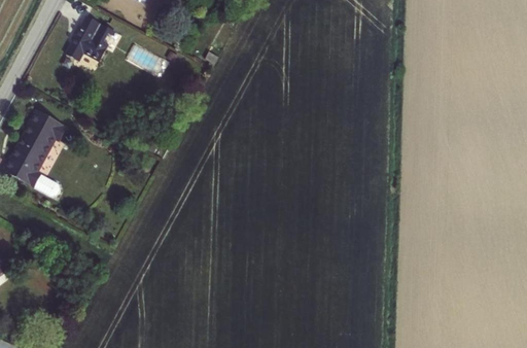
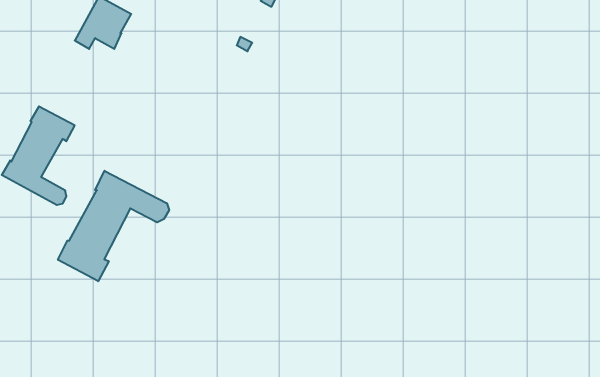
building: none -> [58,171,169,281]

